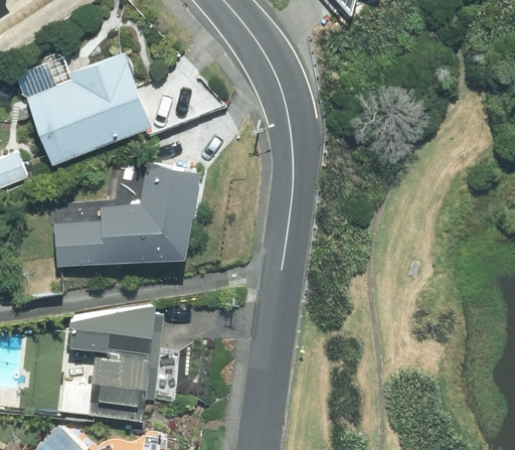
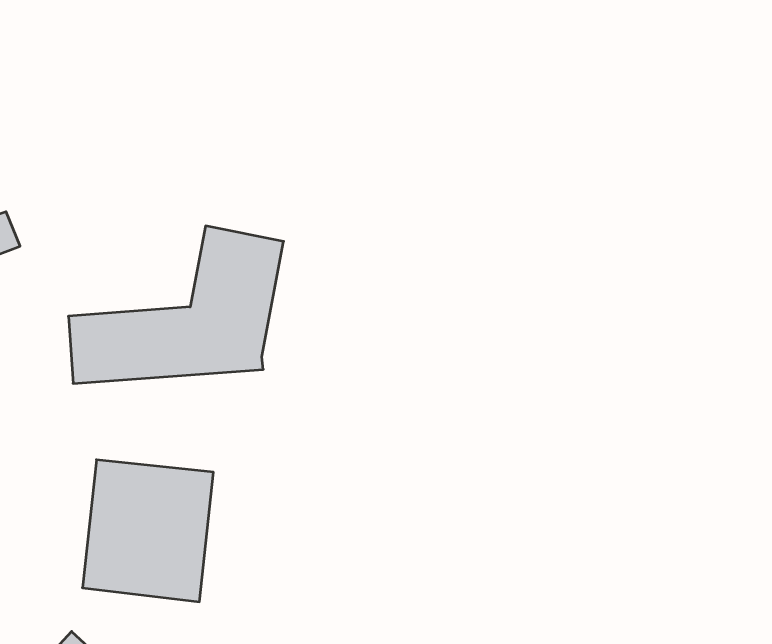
building: [27,58,148,161] -> none

